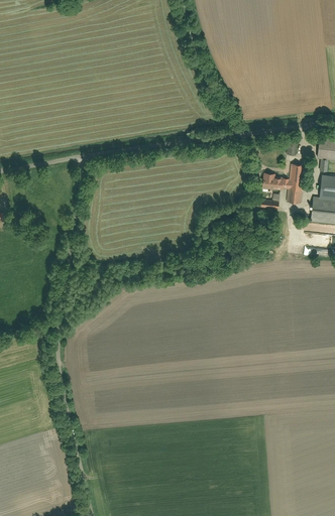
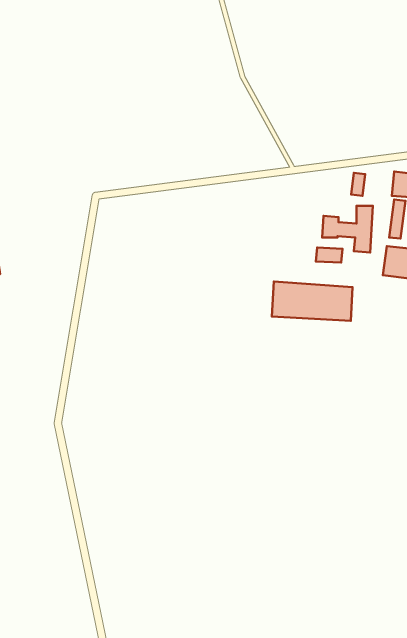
building: none -> [272,282,353,321]

